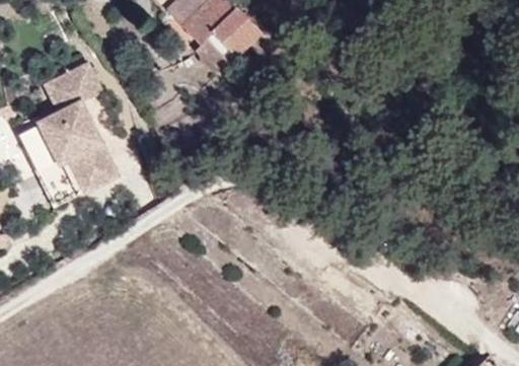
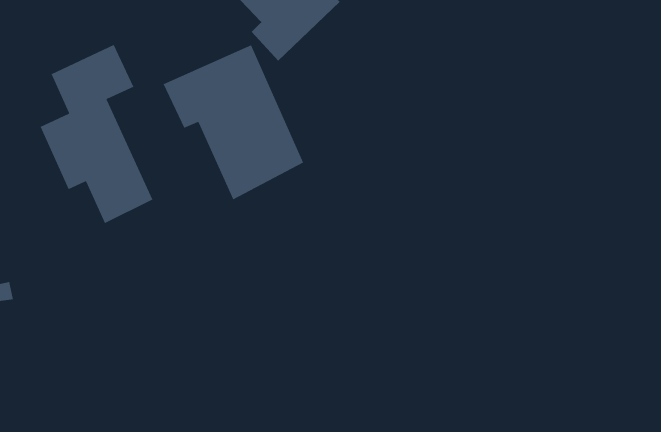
building: none -> [163,44,304,200]

